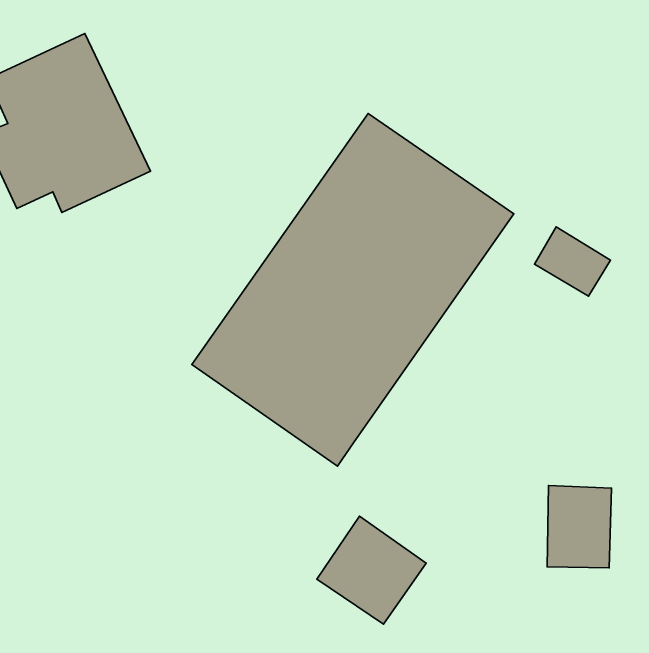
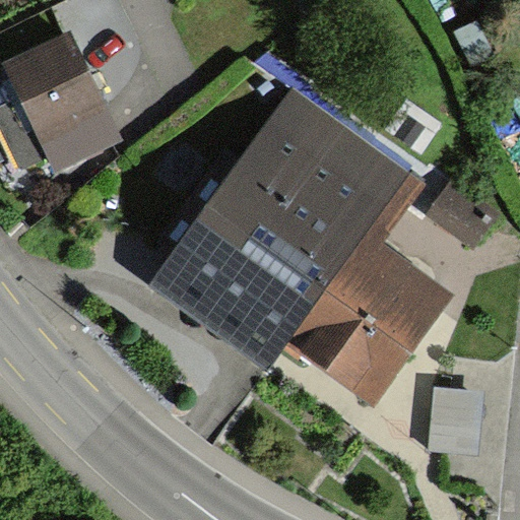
building: none -> [279,169,450,411]
building: [317,516,426,624] -> none

